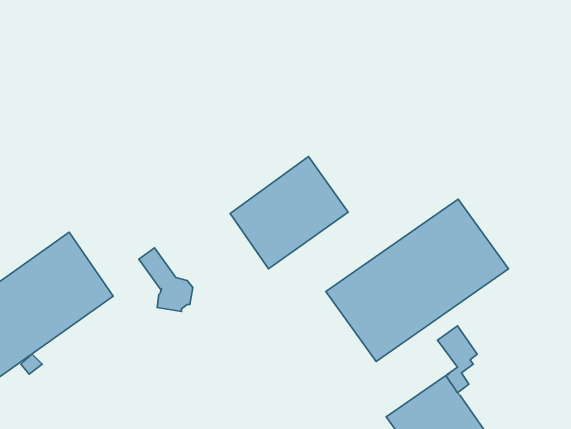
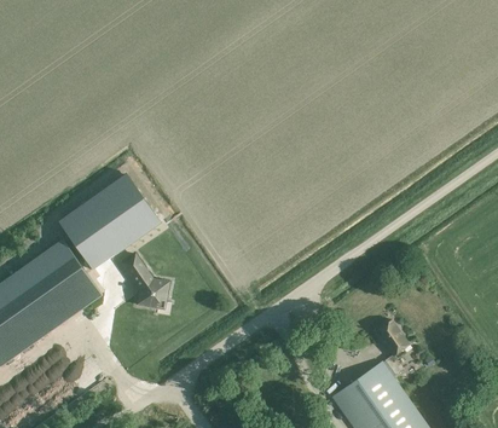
building: [230,157,348,269] -> [60,174,161,270]
building: [326,199,509,361] -> none

